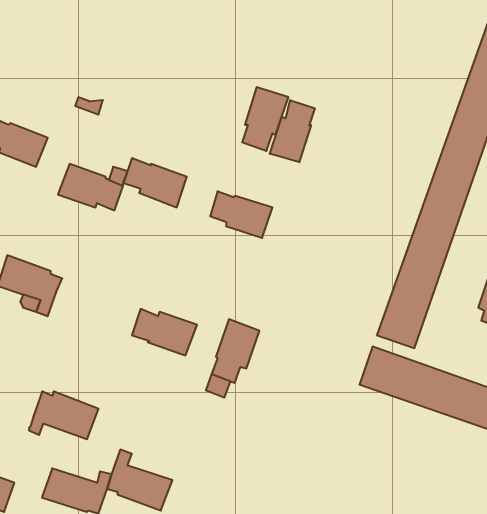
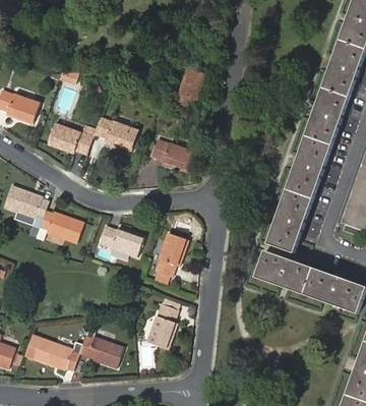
building: [270,100,315,162] -> none
building: [29,391,99,439] -> [35,212,83,245]
building: none -> [145,303,178,349]

